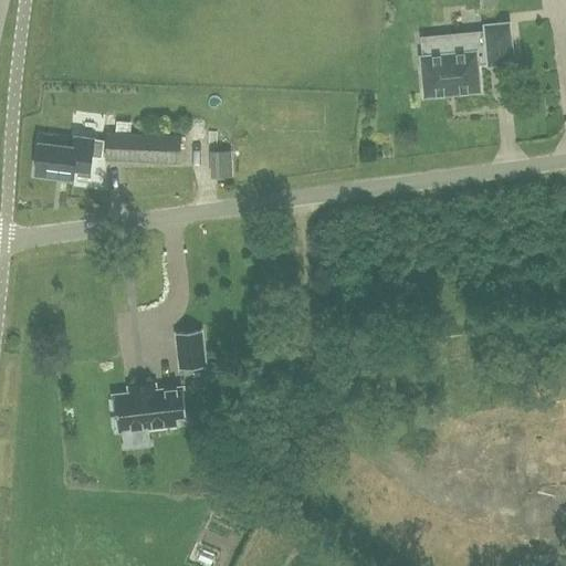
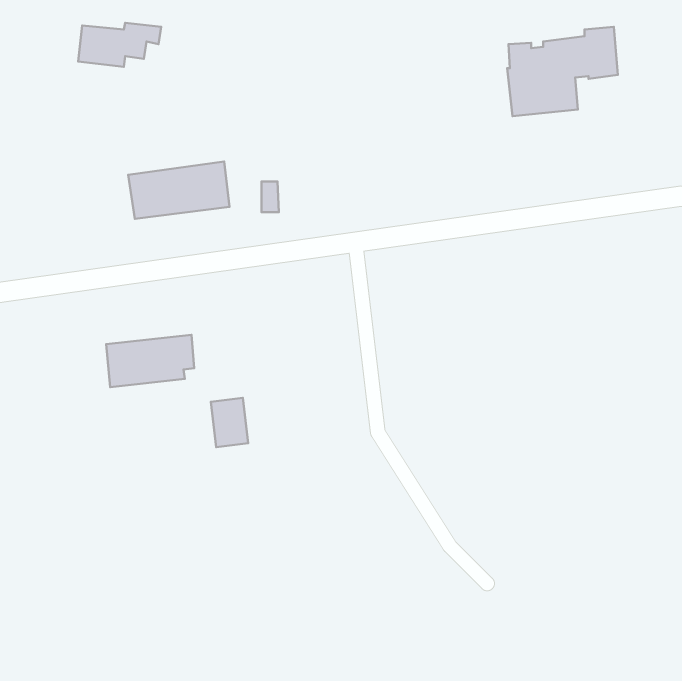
building: [35,140,104,177] -> [78,23,161,67]
building: [113,387,186,430] -> [106,335,194,387]

